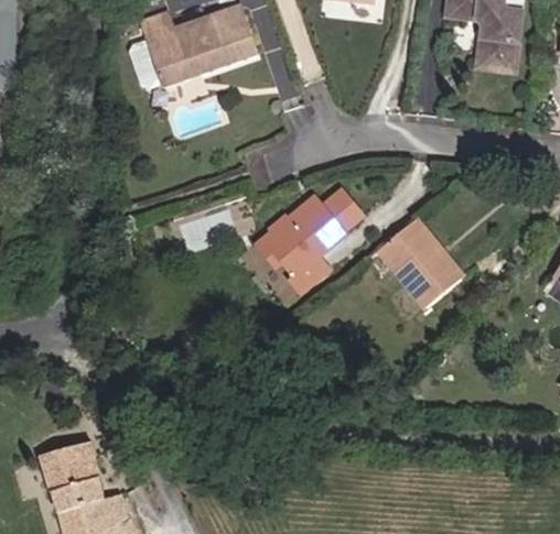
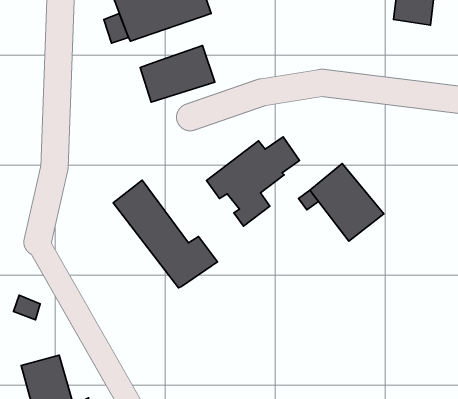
building: none -> [140,46,215,102]
building: none -> [113,180,217,288]

